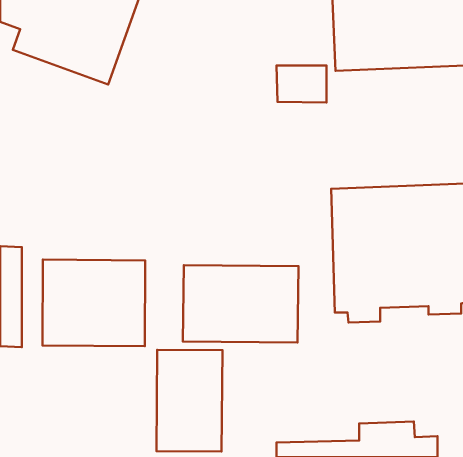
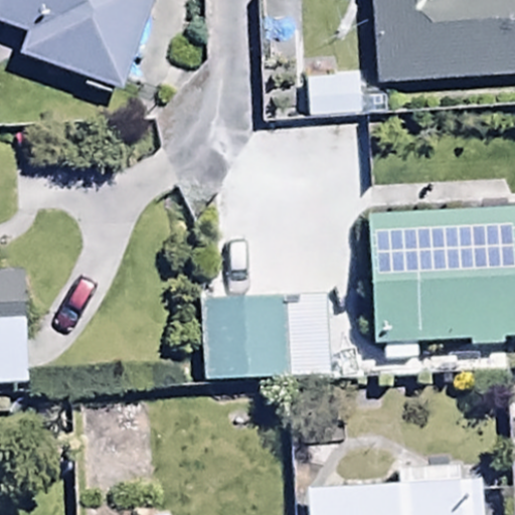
building: [42,260,145,346] -> none
building: [156,350,222,451] -> none

